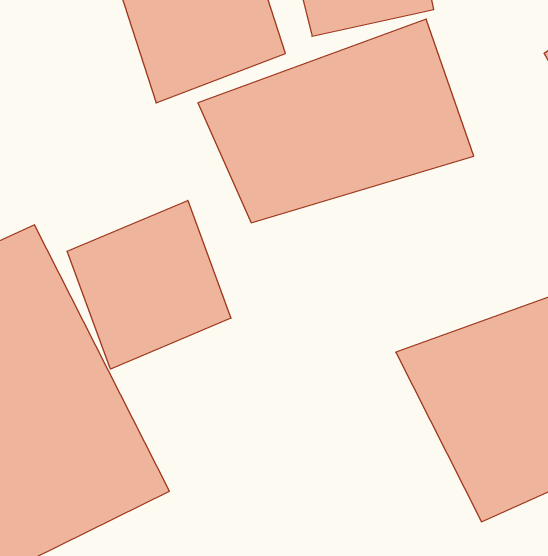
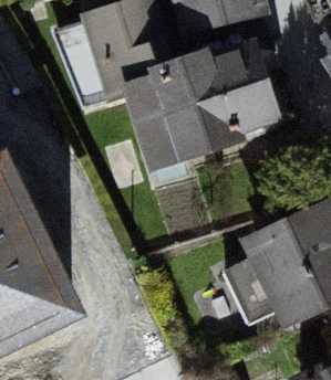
building: [67,200,231,369] -> none

